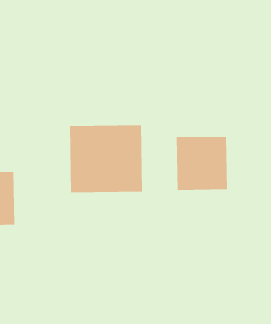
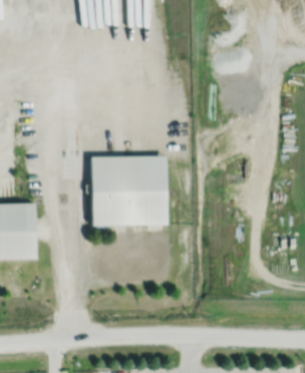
building: [176,136,227,191] -> none

